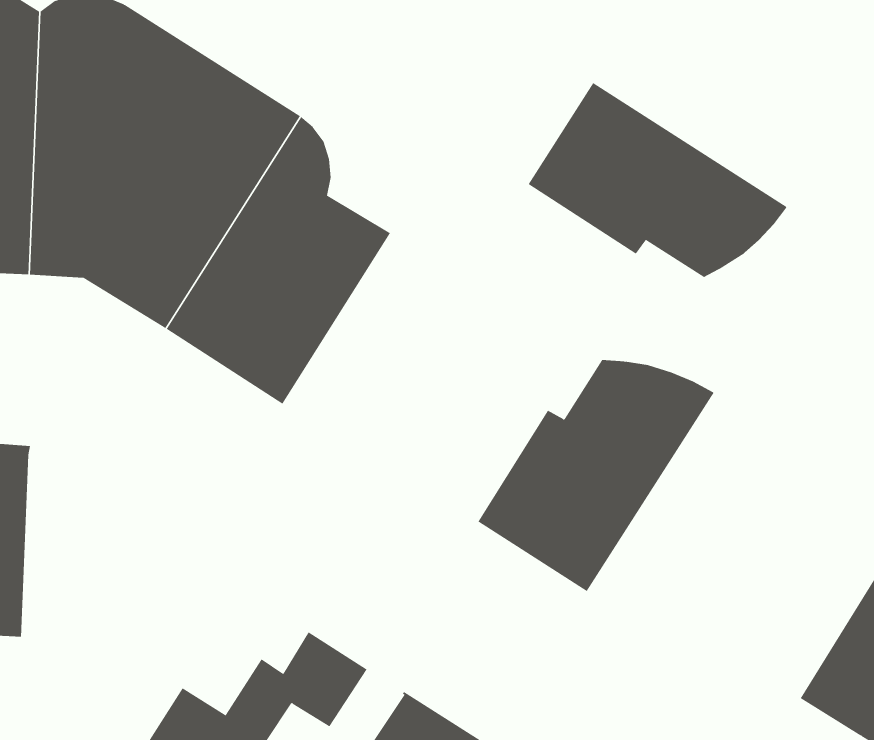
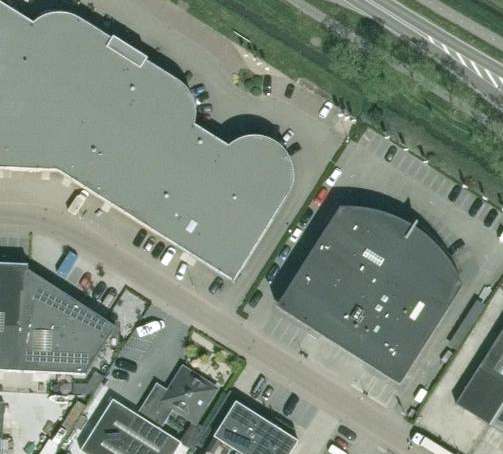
building: [528,82,788,278] -> none
building: none -> [168,134,293,279]
building: none -> [337,232,451,382]
building: none -> [23,267,115,371]

